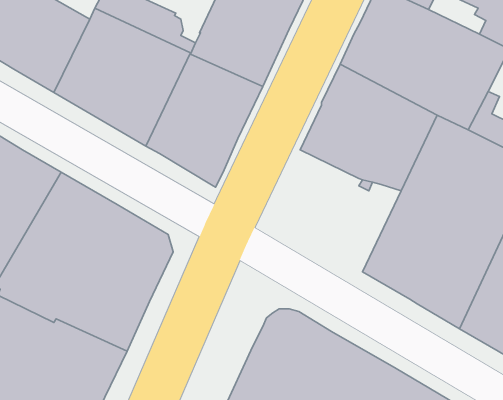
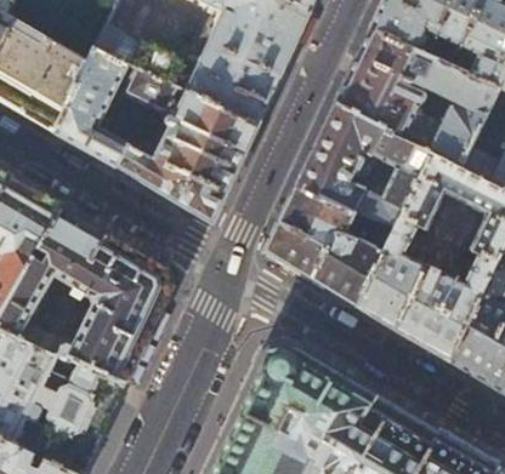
building: none -> [263,187,392,305]

